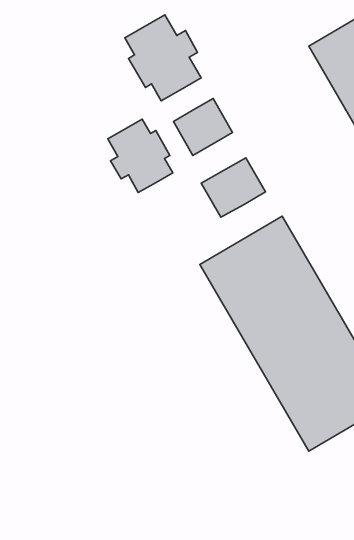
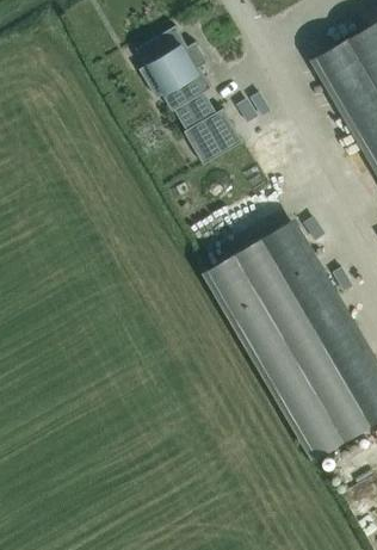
building: [108,119,173,192] -> none
building: [201,158,265,217] -> none

